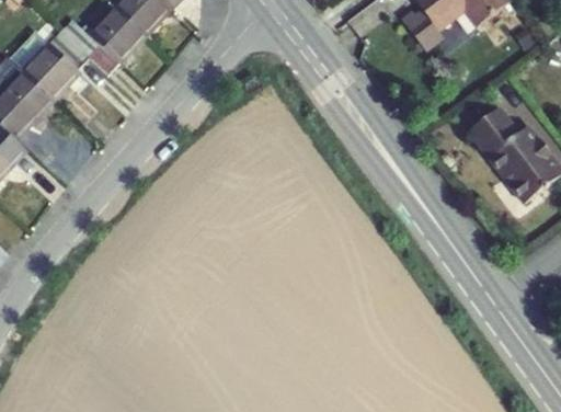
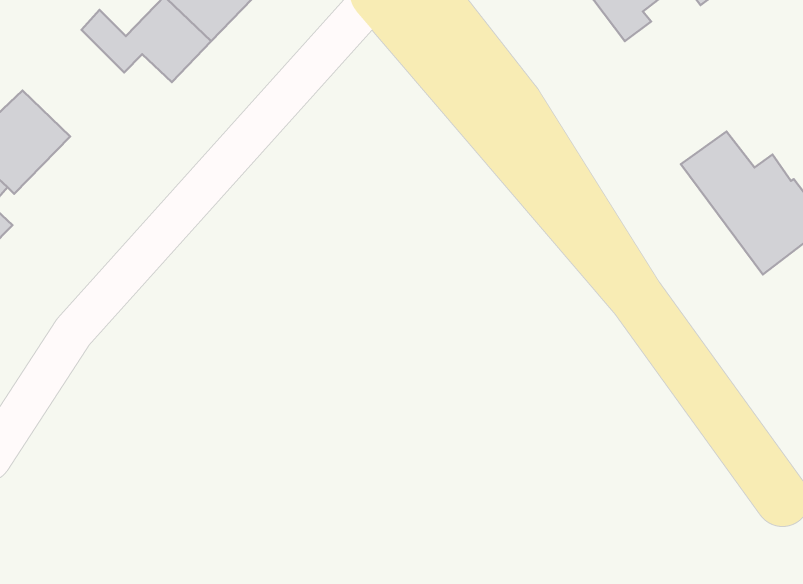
building: [20,32,88,103] -> none

